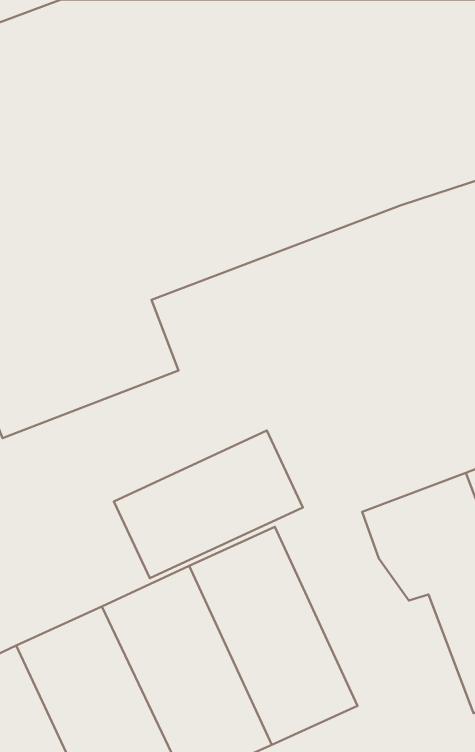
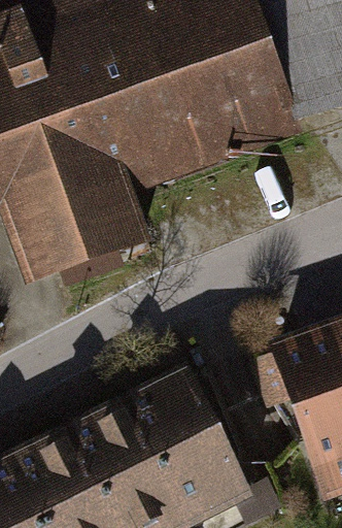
building: [114,431,303,578] -> none

